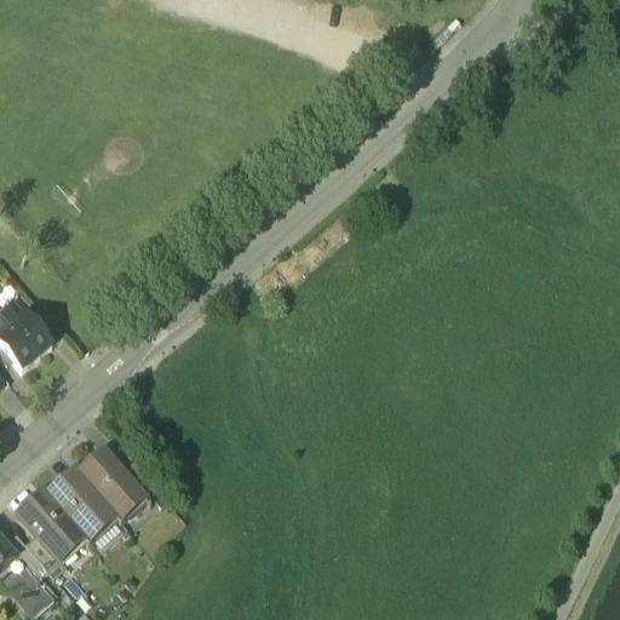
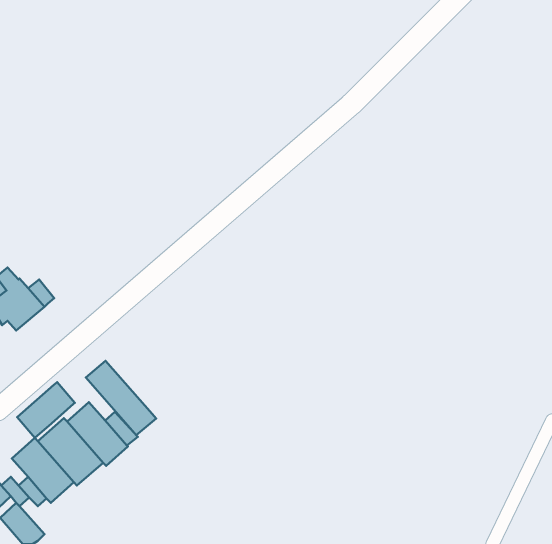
building: none -> [86,361,156,435]
building: none -> [17,382,75,438]

